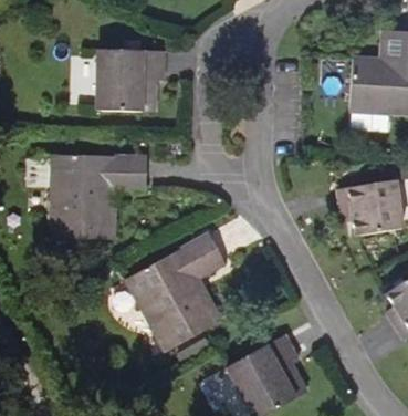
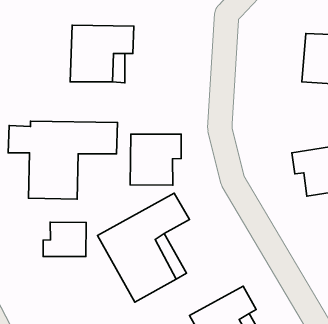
building: none -> [130,134,181,185]
building: none -> [43,222,86,257]

